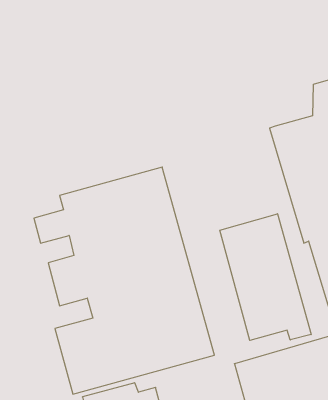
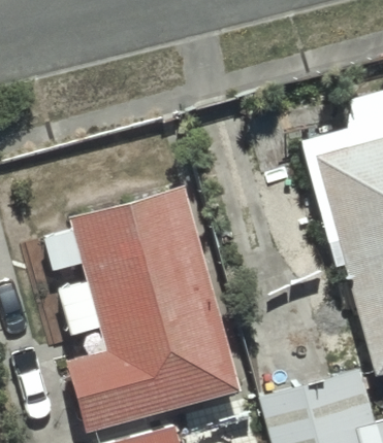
building: [220,214,311,340] -> none

